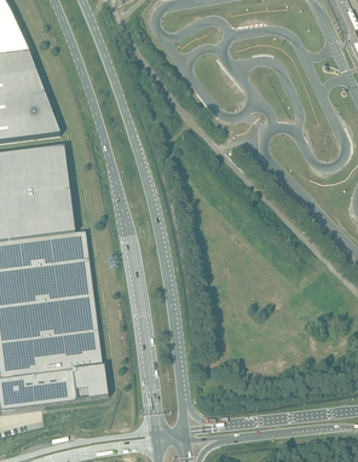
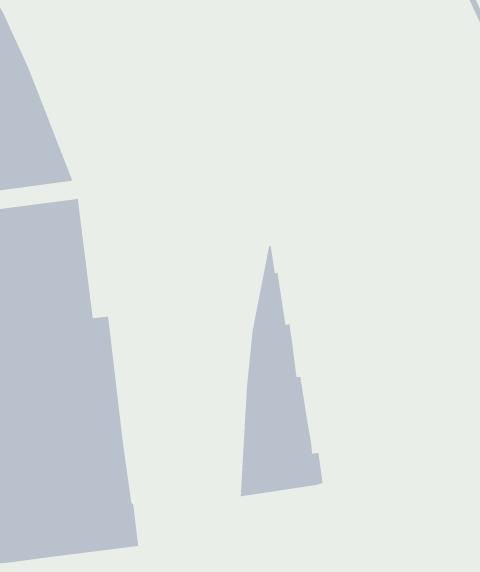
building: none -> [240,245,323,497]

